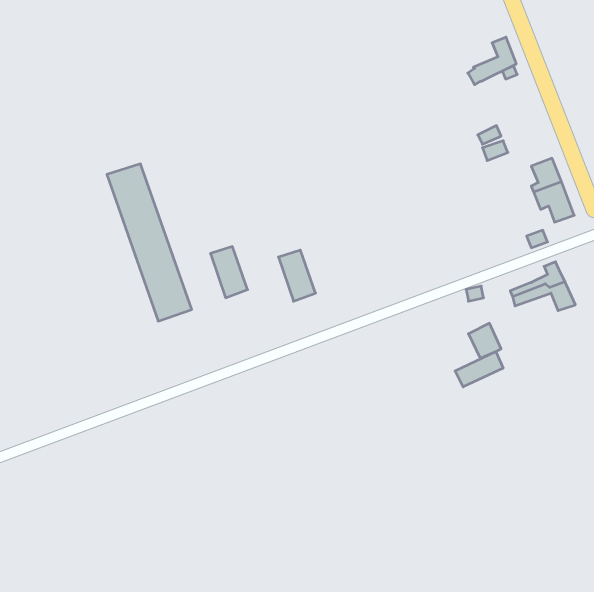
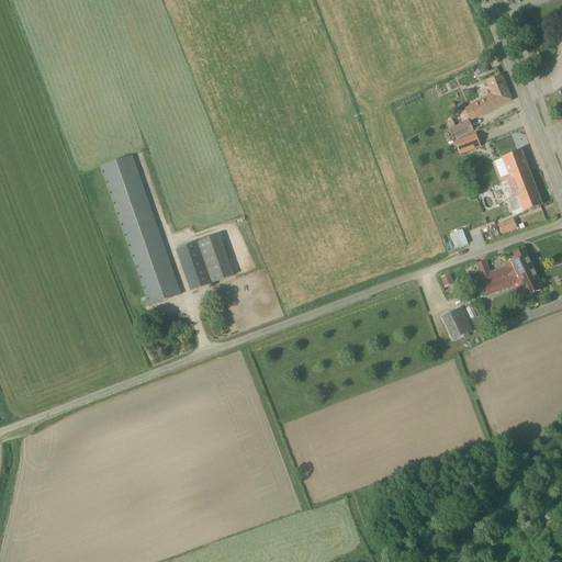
building: [468,37,516,85] -> [465,74,512,119]
building: [278,250,316,301] -> [177,240,212,289]
building: [455,352,503,387] -> none

